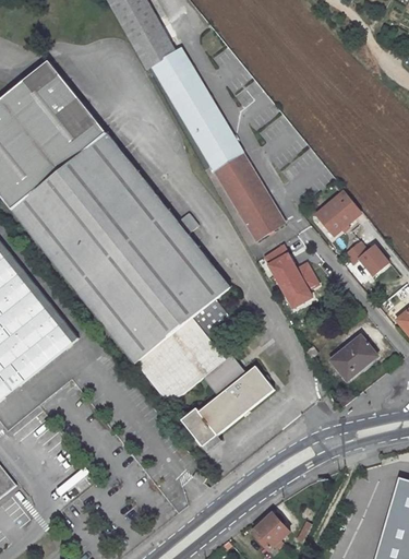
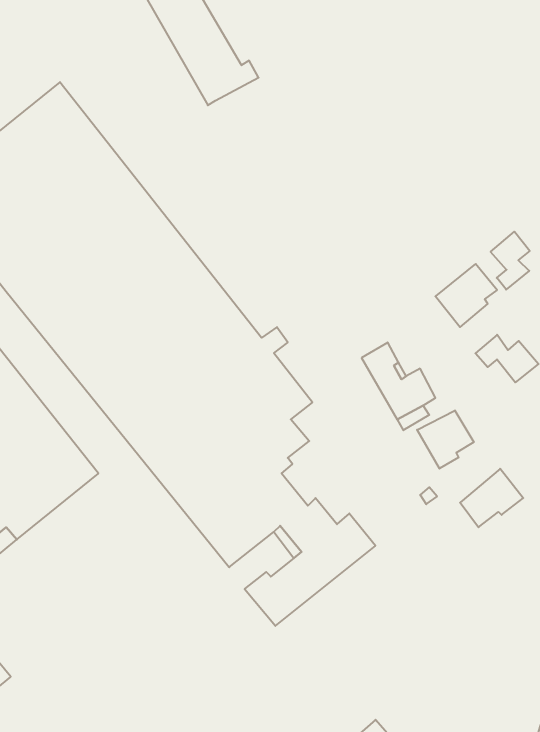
building: [159,58,281,240] -> none
building: none -> [491,232,530,290]
building: none -> [417,410,474,469]

